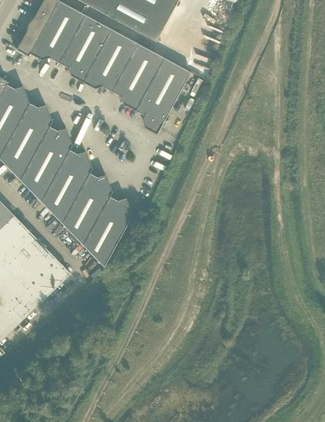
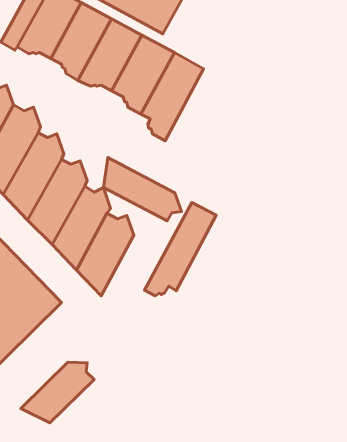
building: none -> [103,157,181,221]
building: none -> [144,203,216,296]
building: none -> [21,362,94,423]

